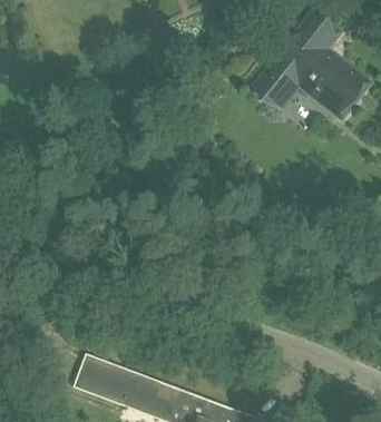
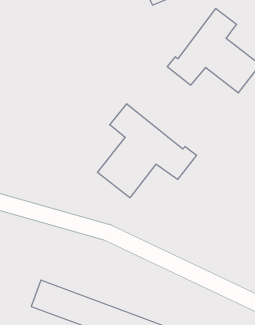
building: none -> [98,104,197,198]

